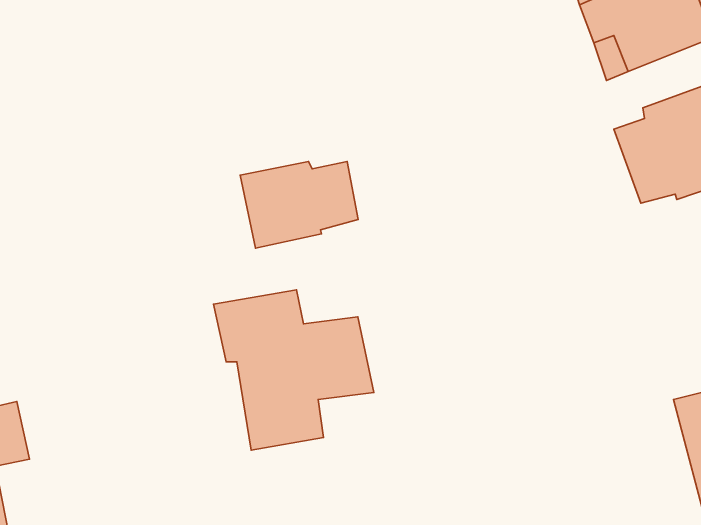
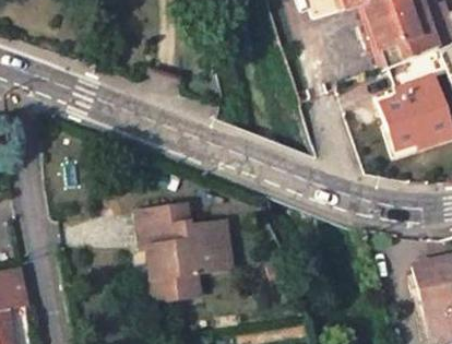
building: [240,161,358,248] -> none

